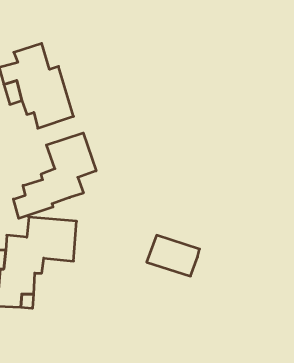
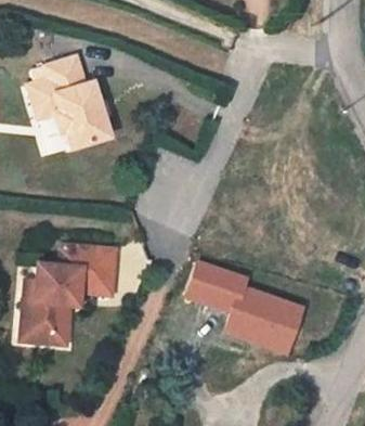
building: [13,133,96,218] -> none
building: none -> [227,288,302,352]

